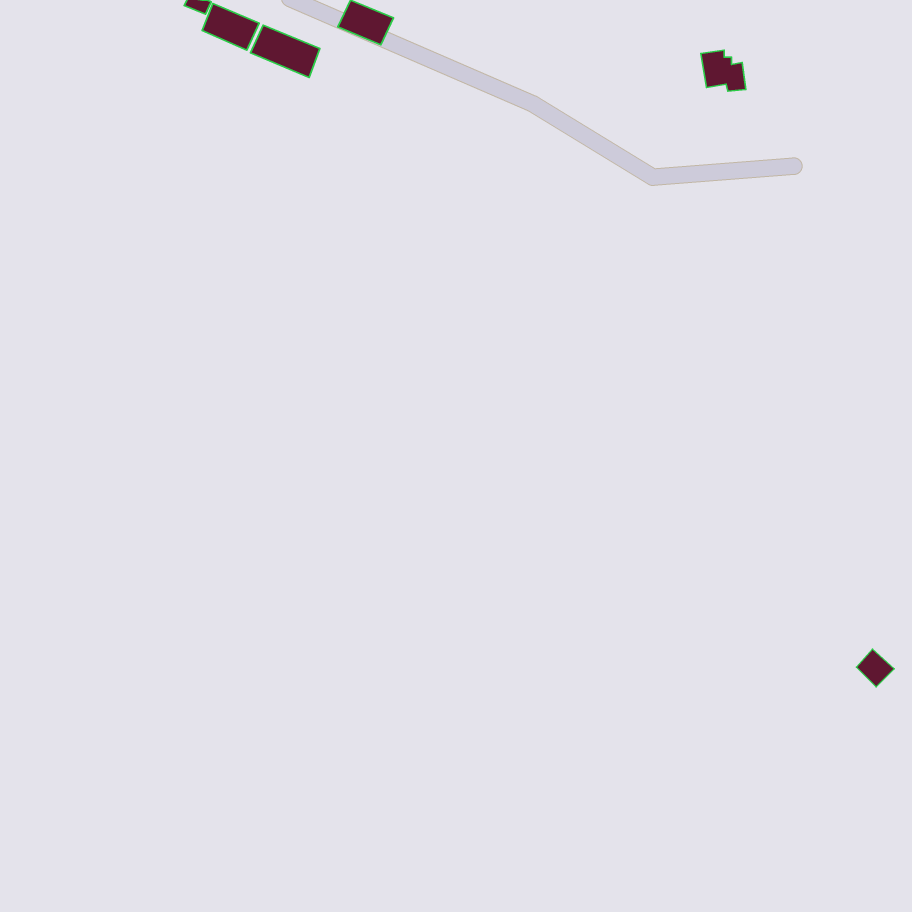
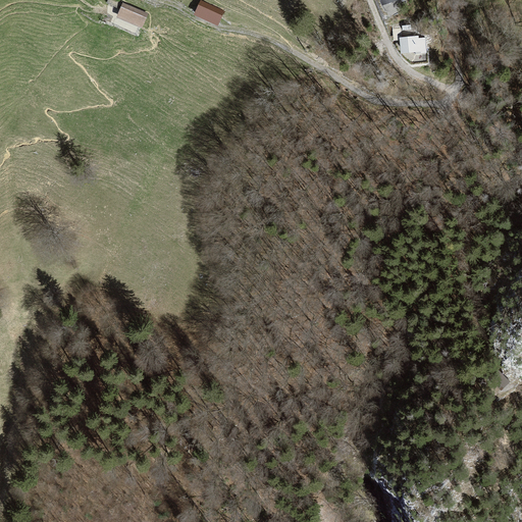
building: [251,25,320,78] -> none

